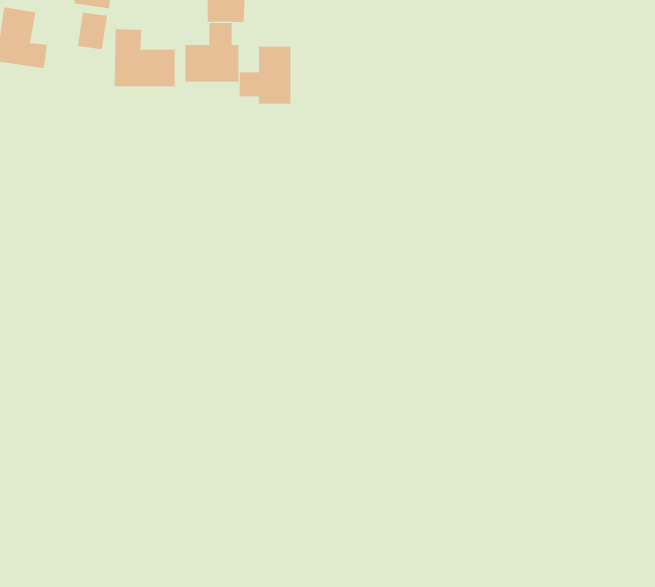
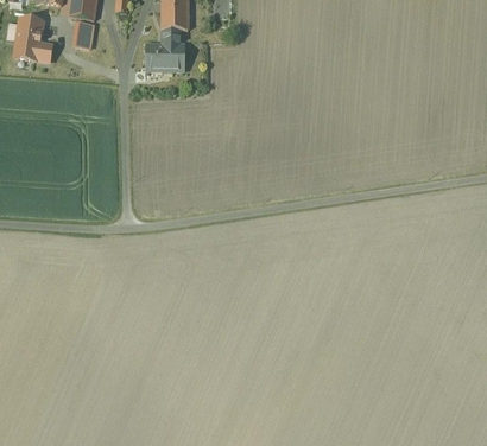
building: [114,29,175,87] -> none
building: [239,46,291,105] -> none

